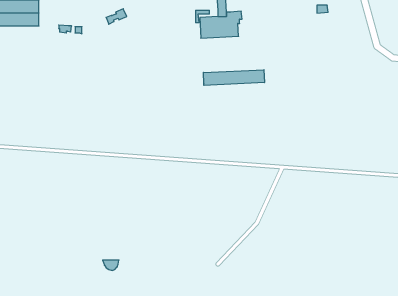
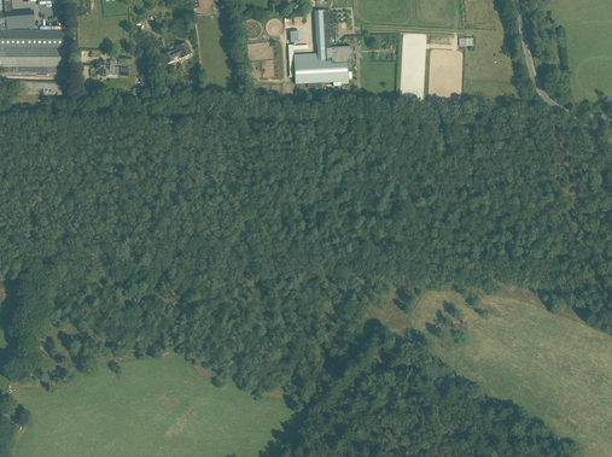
building: [203,70,264,85] -> none

